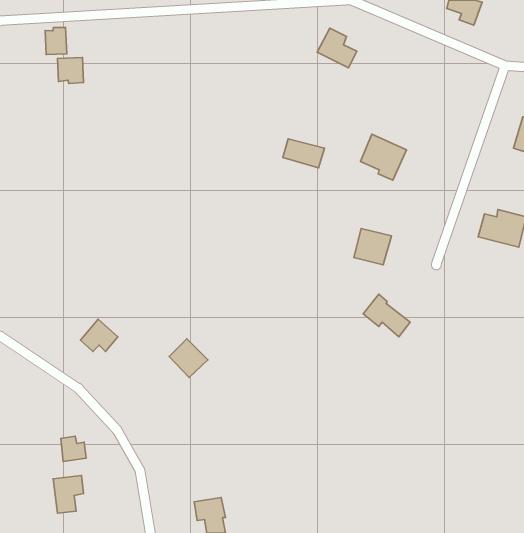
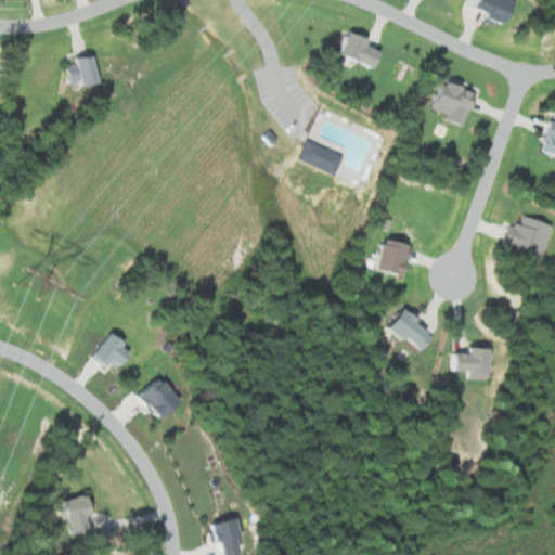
building: [45,27,67,55] -> none
building: [360,134,406,180] -> [431,79,479,127]
building: none -> [452,346,491,379]
building: [169,339,208,377] -> [139,376,179,416]
building: [61,436,86,461] -> none

